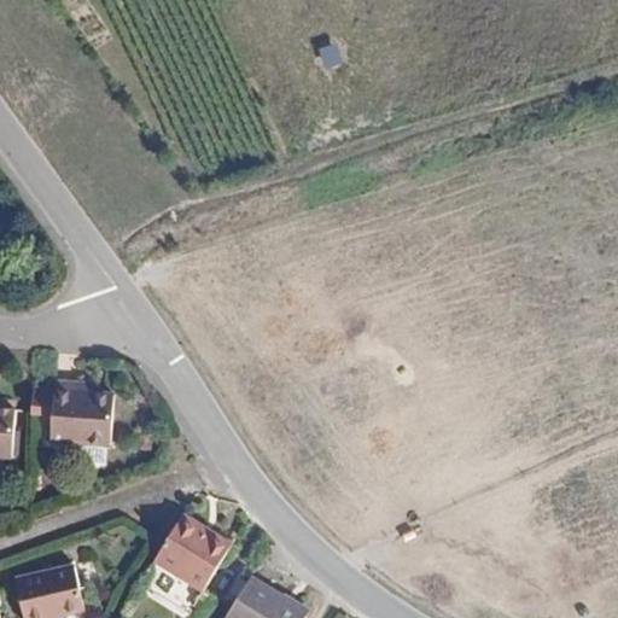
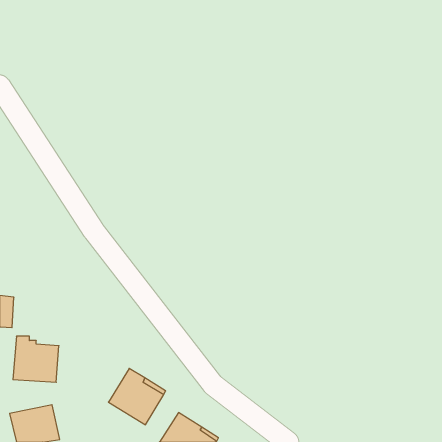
building: [49,386,113,450] -> [13,336,59,382]

